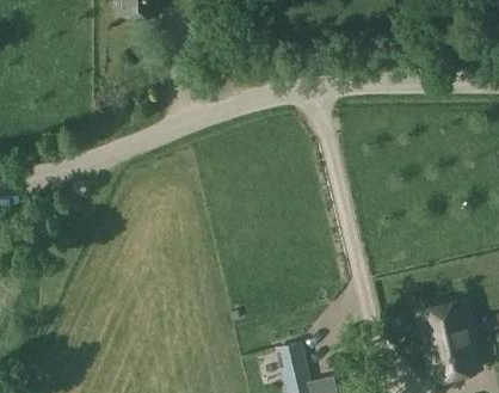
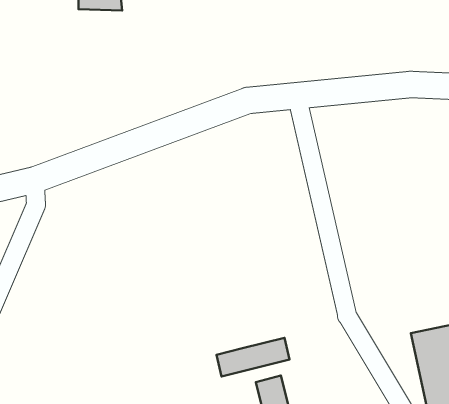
building: none -> [216,338,290,376]

